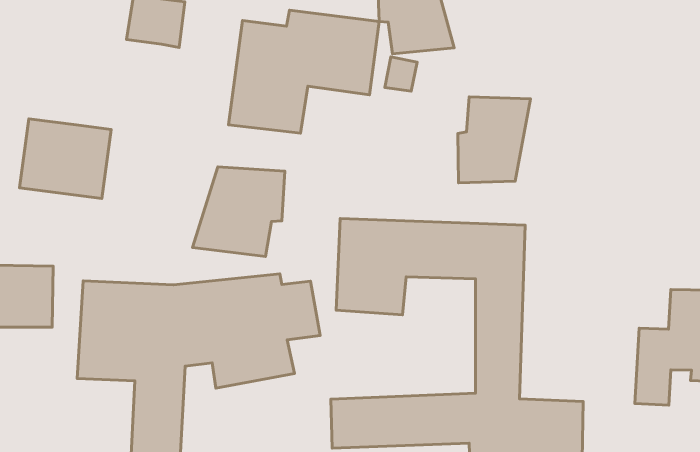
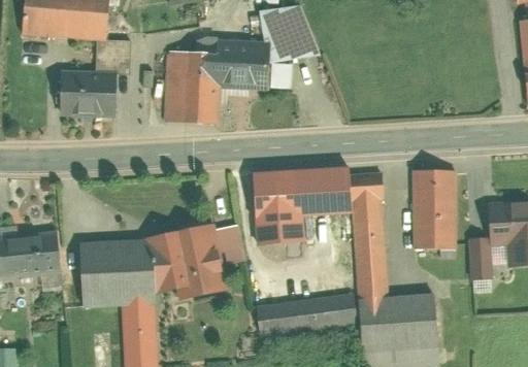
building: [458,97,531,183] -> none
building: [20,119,111,198] -> [58,67,118,118]
building: [193,167,285,257] -> none
building: none -> [411,169,455,252]

